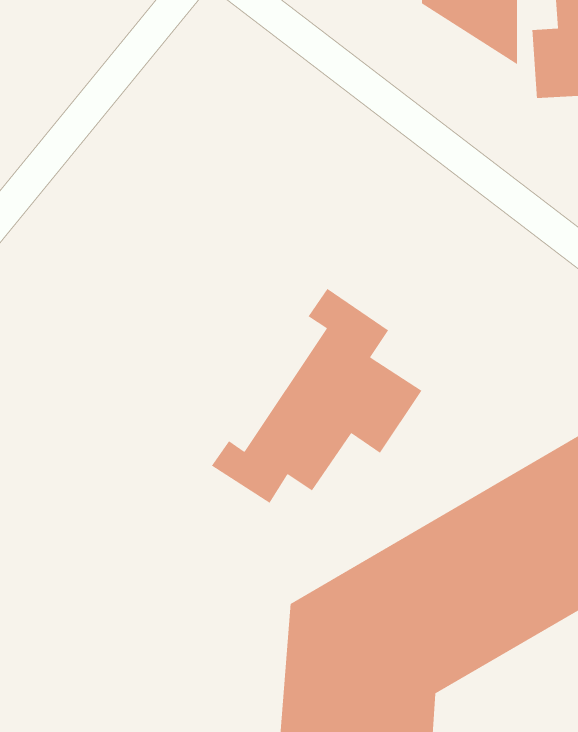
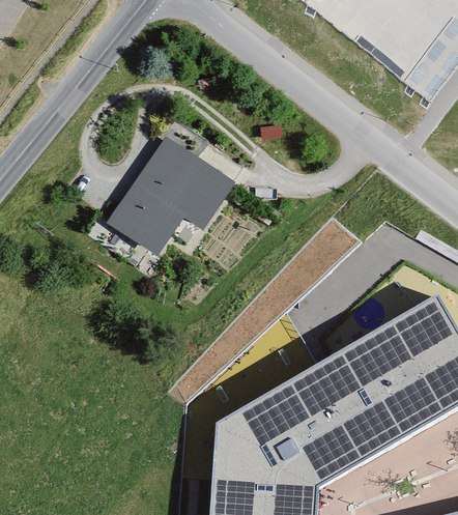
building: [211,288,422,504] -> [86,114,231,262]

